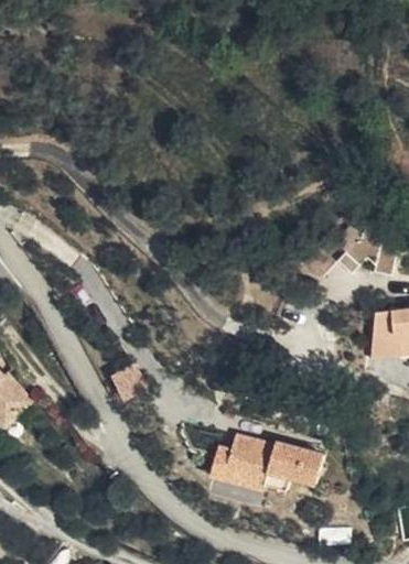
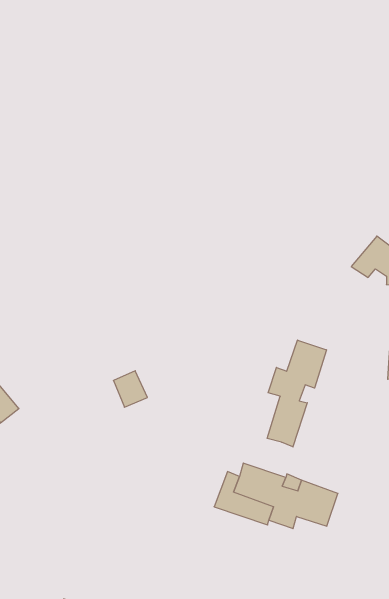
building: none -> [267,340,326,447]

